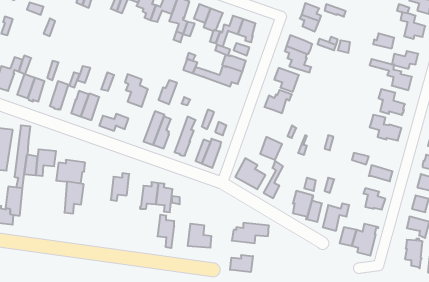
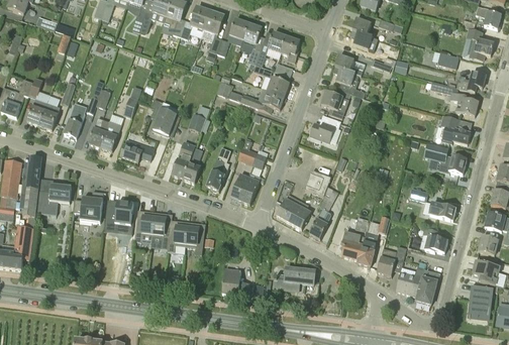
building: [64,182,84,213] -> [108,197,130,233]
building: [157,215,174,248] -> [151,212,171,249]
building: [230,255,253,272] -> none

